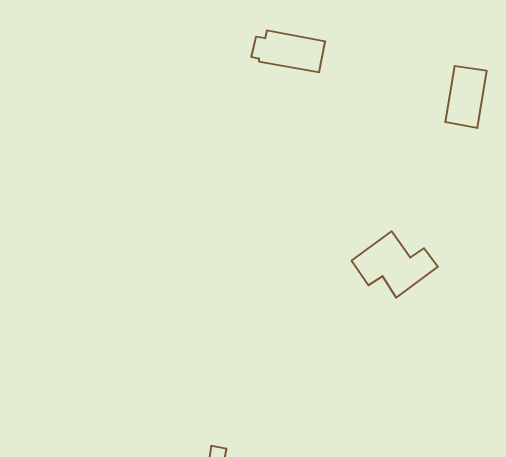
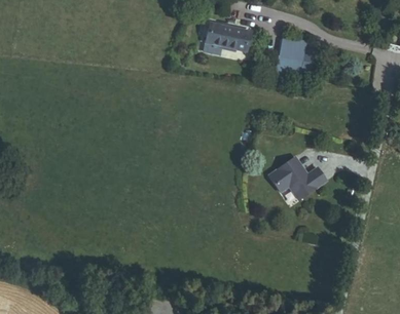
building: [445,66,487,128] -> [281,38,308,79]

